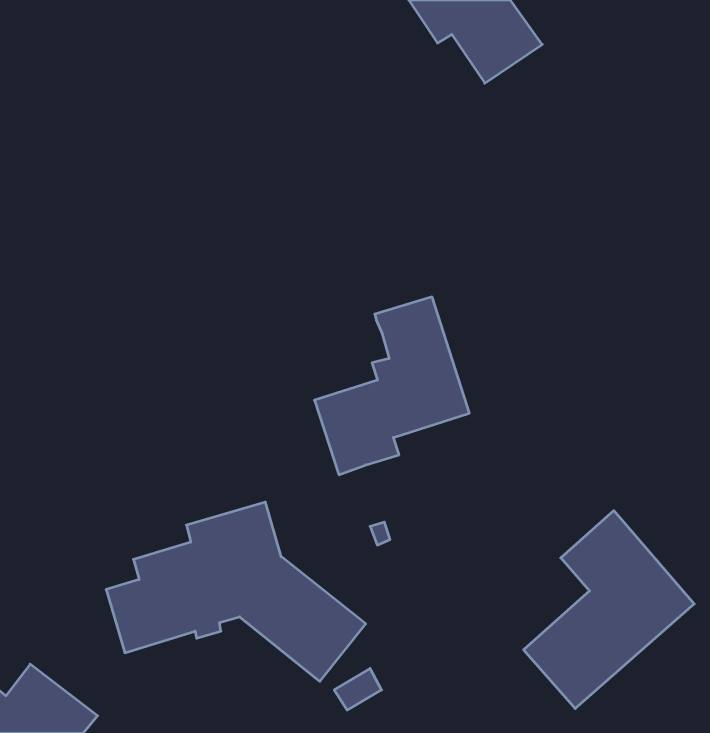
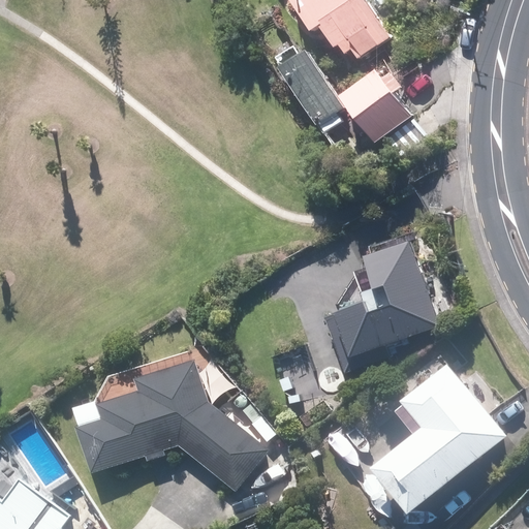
building: none -> [282,49,341,147]
building: none -> [346,70,413,141]
building: [314,297,469,475] -> [316,244,428,372]

